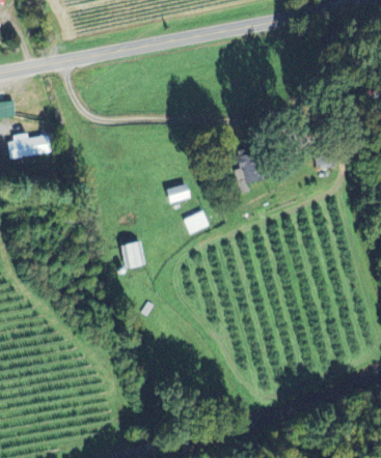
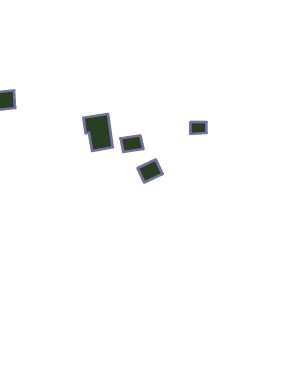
building: none -> [84,114,113,151]
building: [119,239,146,267] -> none

